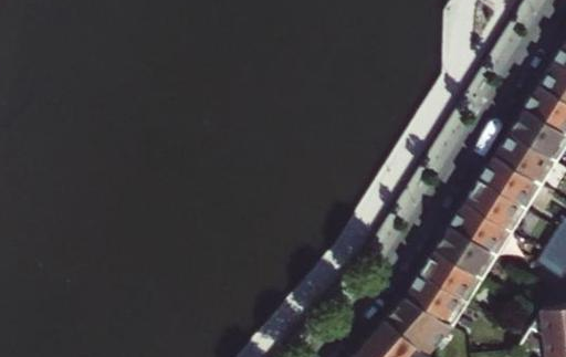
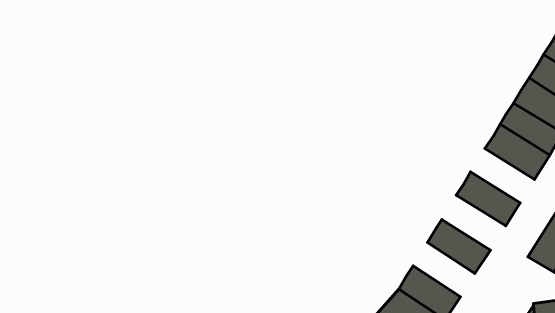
building: [479,155,543,209] -> none
building: [450,201,514,256] -> none
building: [421,249,483,303] -> none

